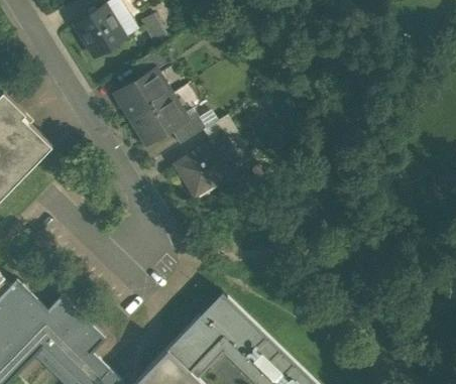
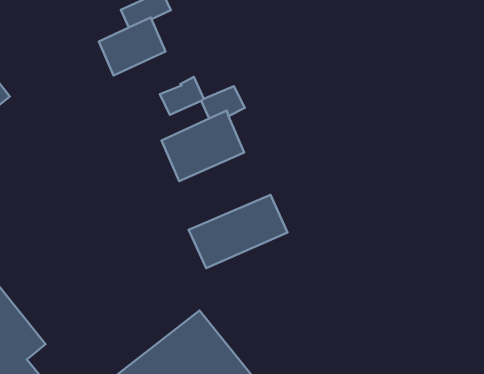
building: [131,95,186,143] -> none
building: none -> [188,195,287,268]

